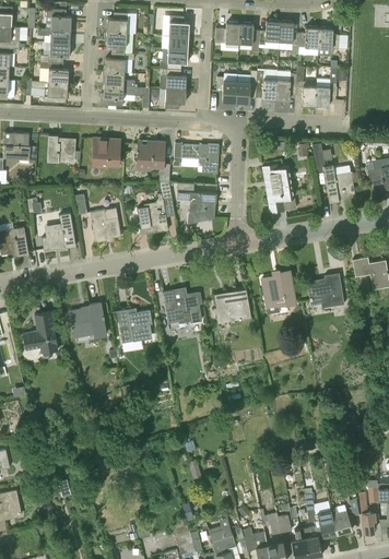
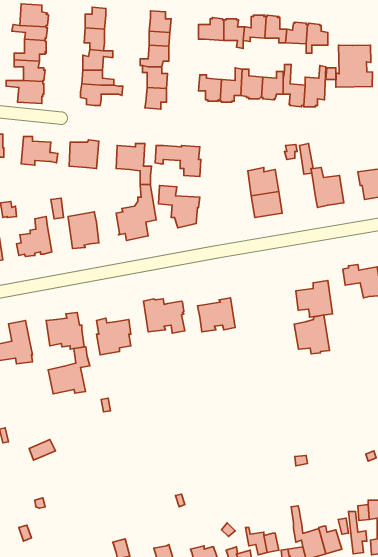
building: none -> [336,45,372,87]
building: [261,271,295,308] -> [294,315,330,354]
building: none -> [48,347,90,394]

